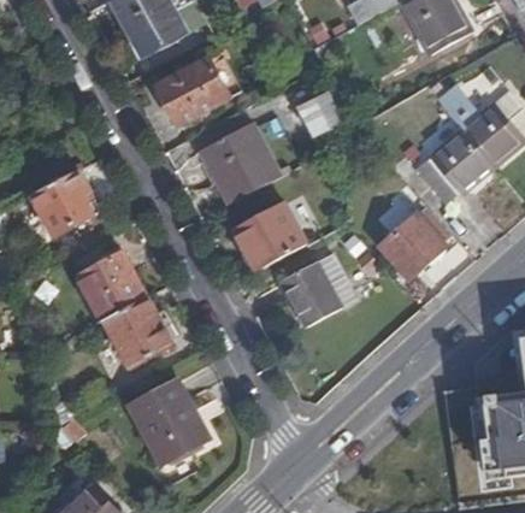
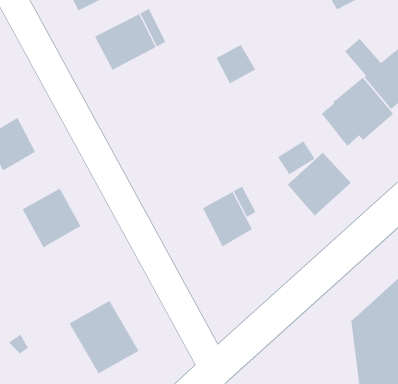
building: [193,120,276,199] -> none
building: [232,199,307,267] -> none
building: [104,299,171,370] -> none

